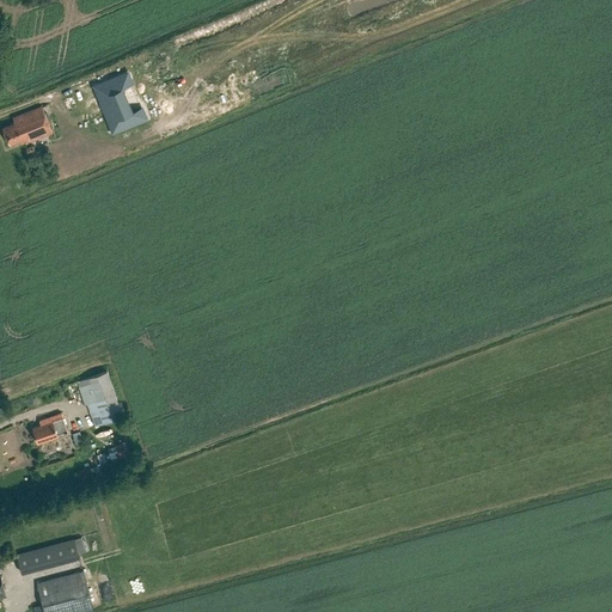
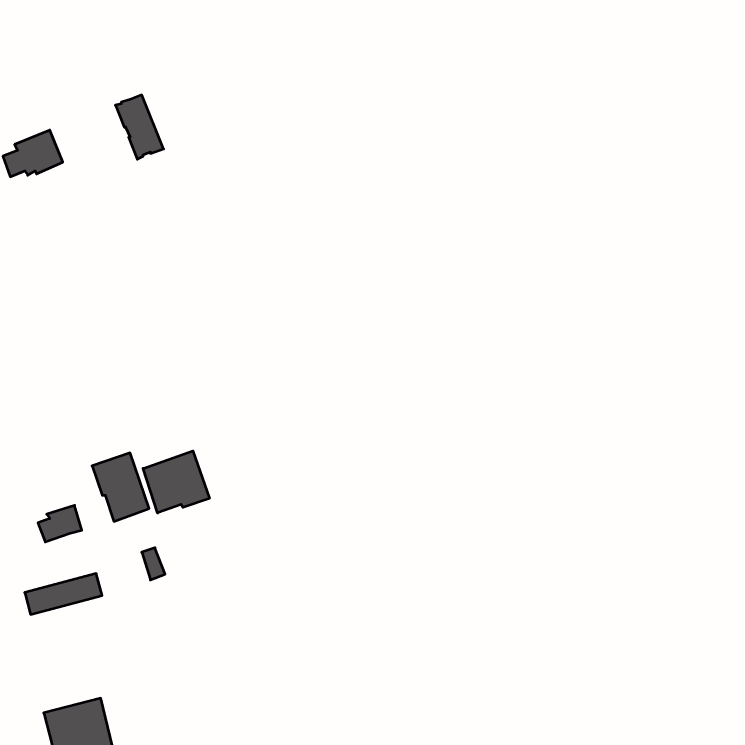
building: none -> [143,451,209,513]
building: [16,540,79,574] -> [25,574,102,614]

